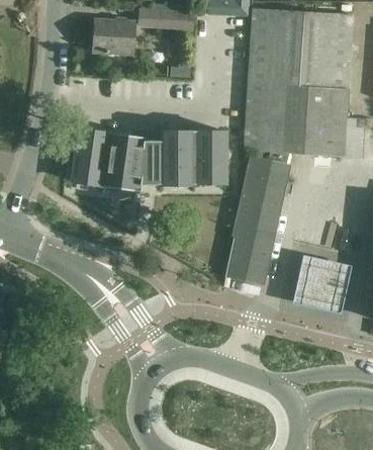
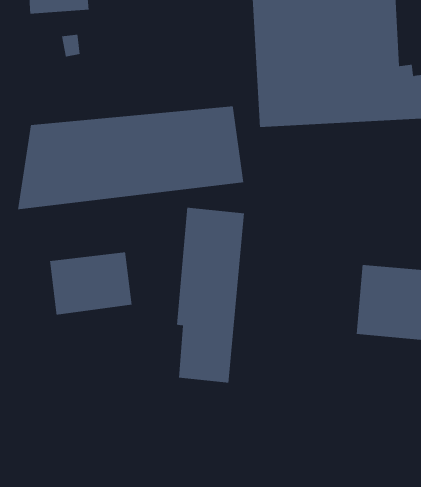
building: [228,156,289,283] -> [176,207,245,383]
building: none -> [49,251,132,316]

